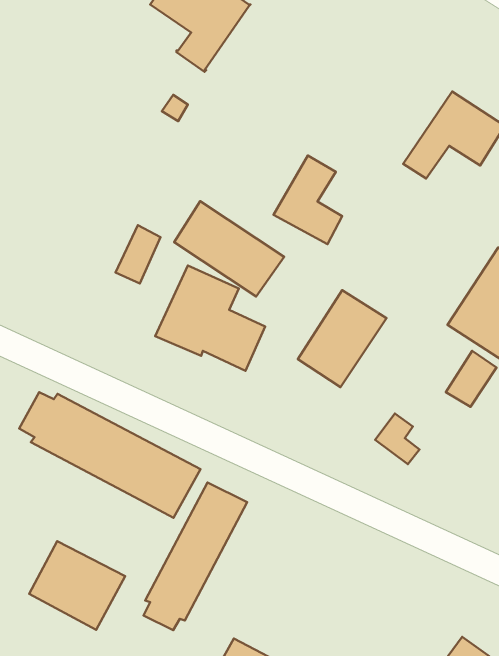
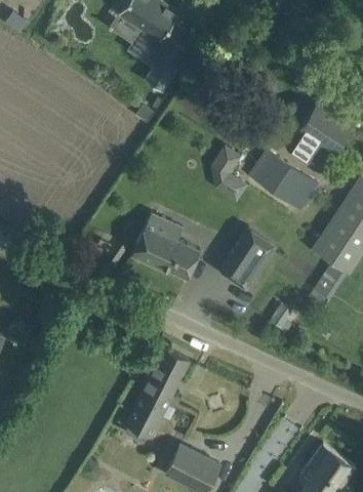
building: [174,201,284,296] -> [251,151,320,210]
building: [115,225,161,283] -> none
building: [19,392,200,518] -> none
building: [29,541,125,630] -> none

